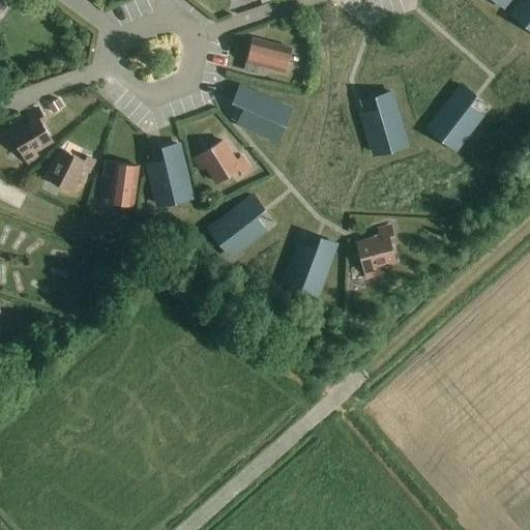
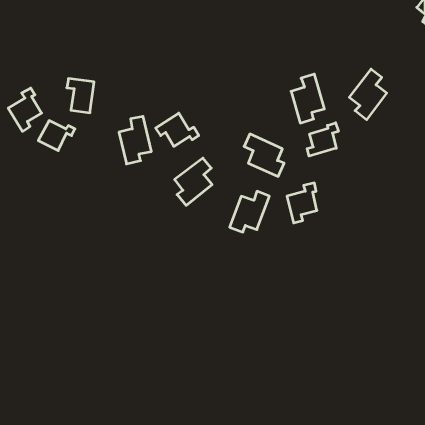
building: [244,39,291,75] -> none
building: [233,87,283,140] -> [244,134,284,176]
building: none -> [307,123,338,156]
building: [104,163,138,205] -> [67,79,94,113]

